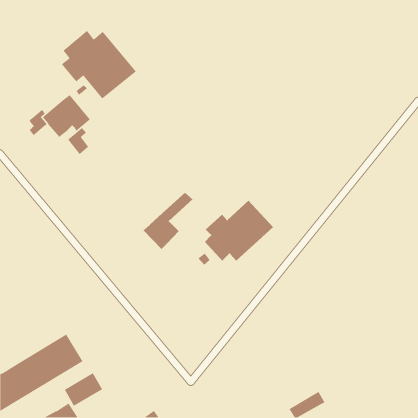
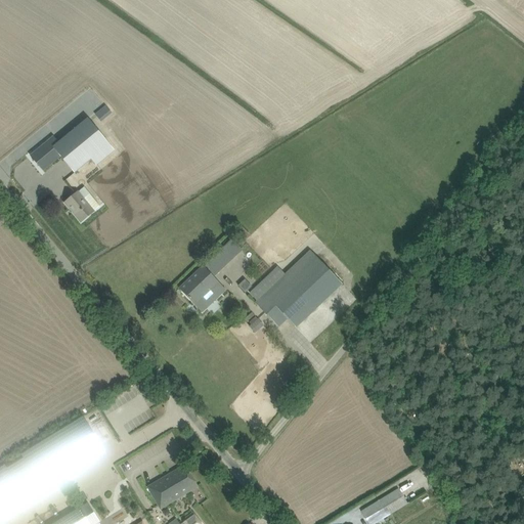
building: [61,30,137,100] -> none
building: [67,127,89,155] -> [64,186,92,221]
building: [64,372,103,407] -> [147,465,196,508]

